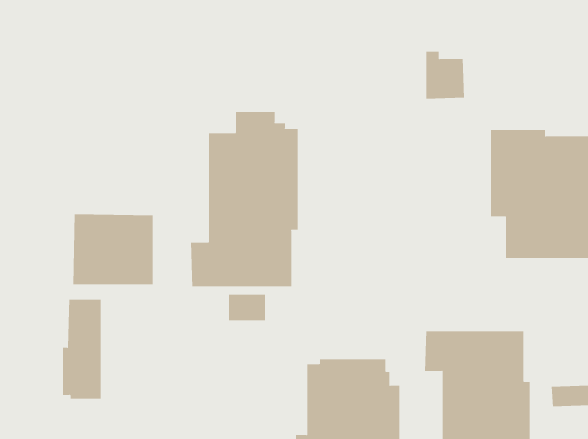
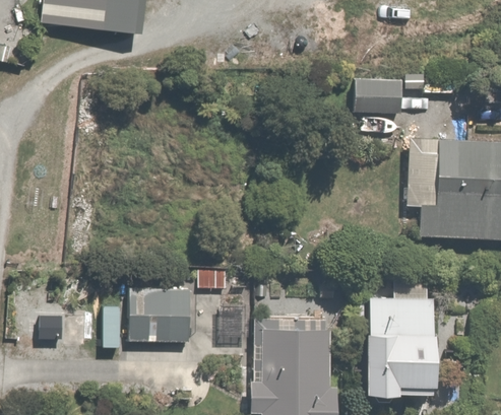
building: [190,111,298,287] -> none
building: [73,214,154,285] -> [127,284,192,341]

